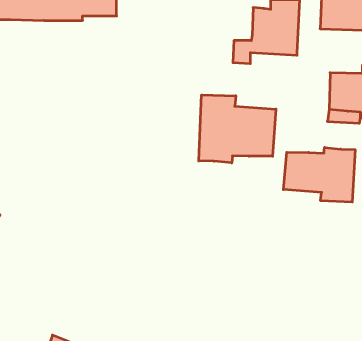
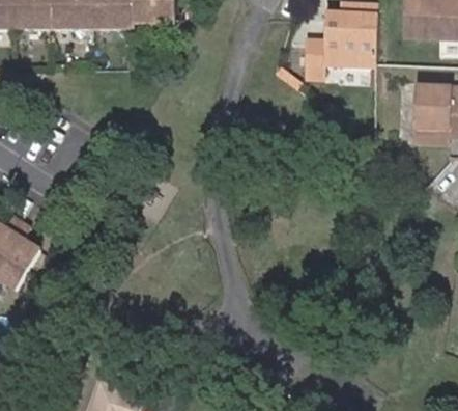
building: [199,95,276,163] -> none
building: [283,147,355,202] -> none

